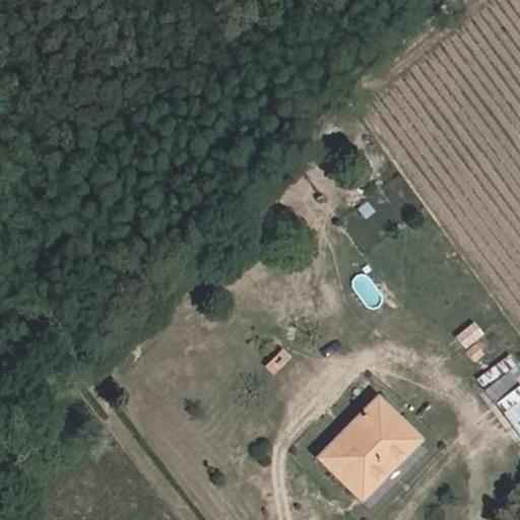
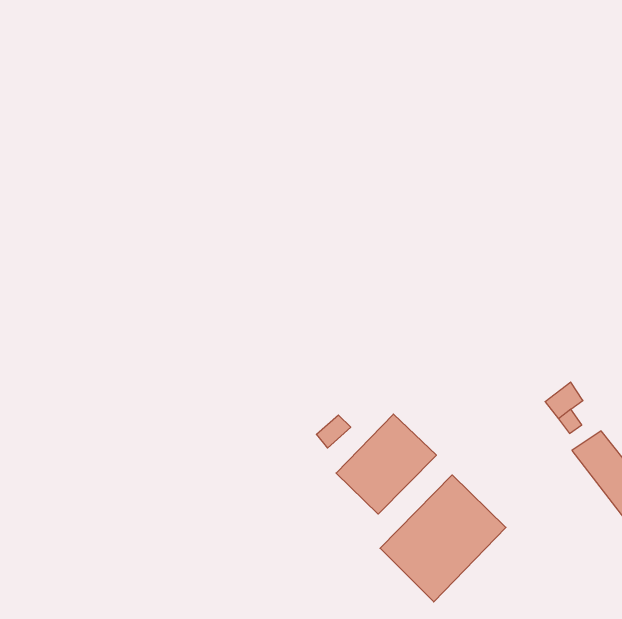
building: none -> [336,414,436,514]

